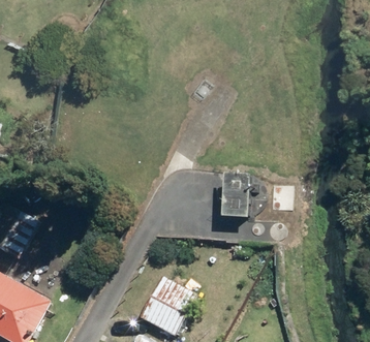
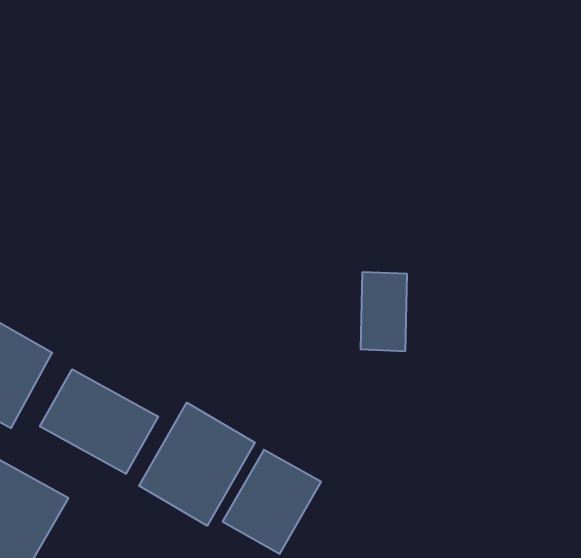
building: none -> [40,369,158,474]
building: none -> [139,403,255,526]

